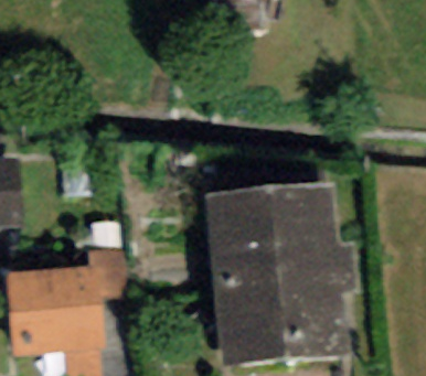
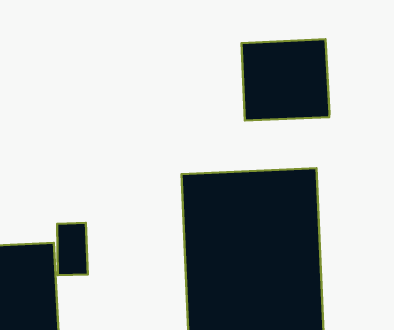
building: none -> [241,39,330,120]

